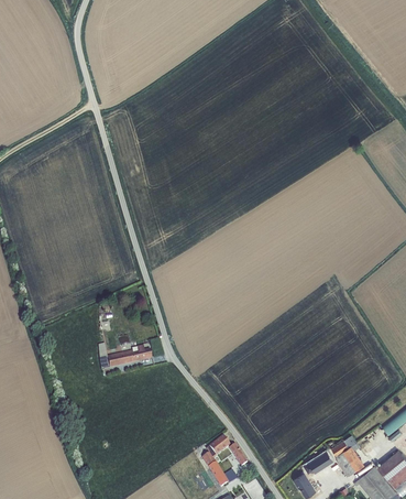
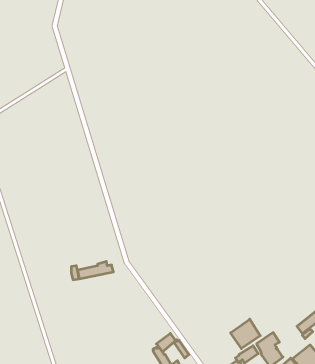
building: none -> [231,319,260,349]

